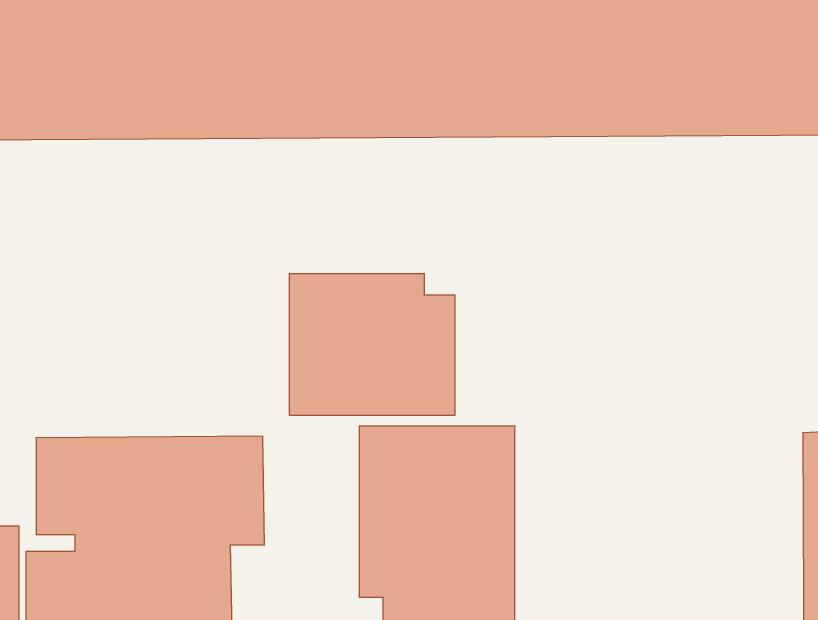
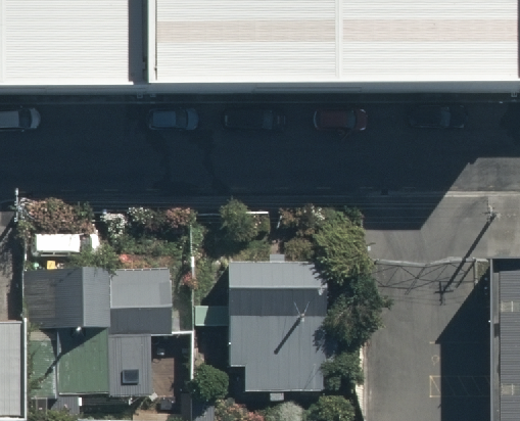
building: [290,273,455,415] -> none

